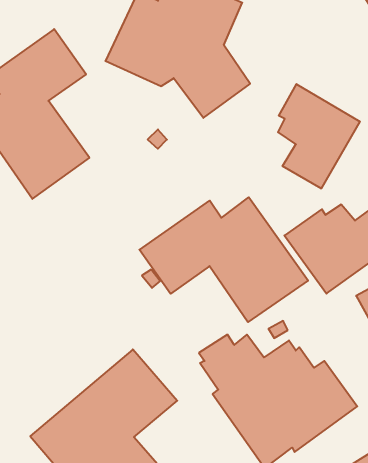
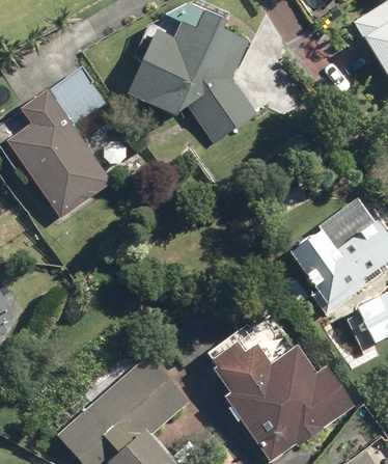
building: [278,84,360,189] -> none
building: [139,197,308,322] -> none

